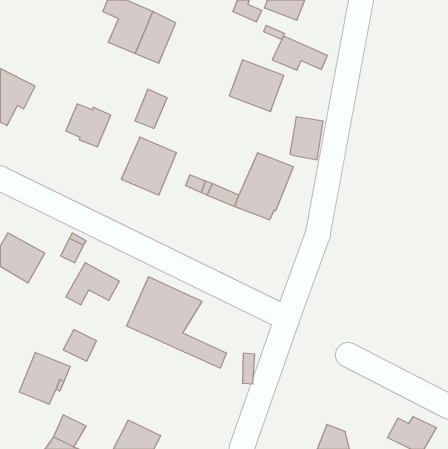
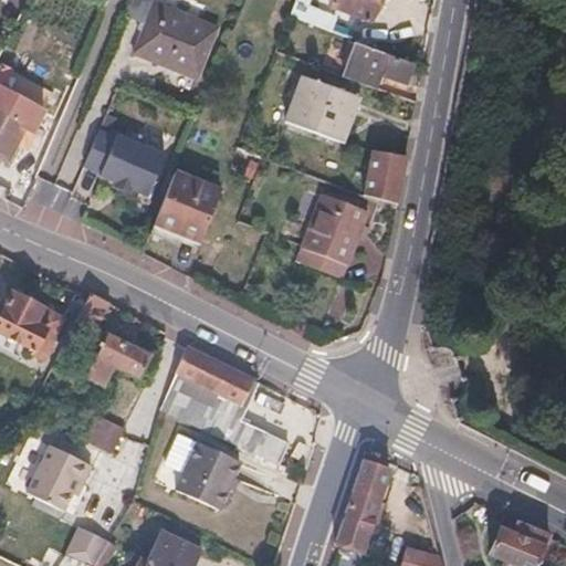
building: [135,89,167,129] -> [124,145,165,195]
building: none -> [163,434,243,521]
building: none -> [335,459,389,552]

